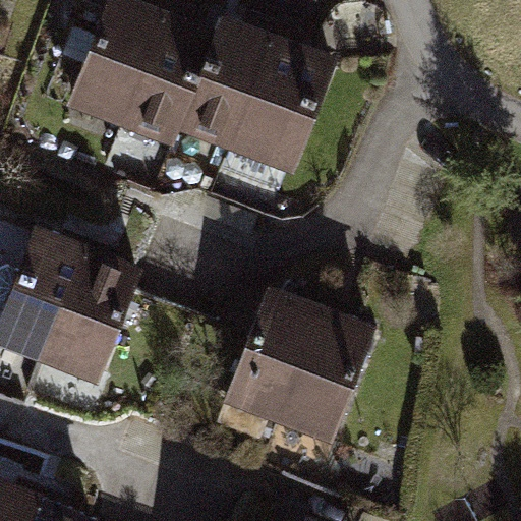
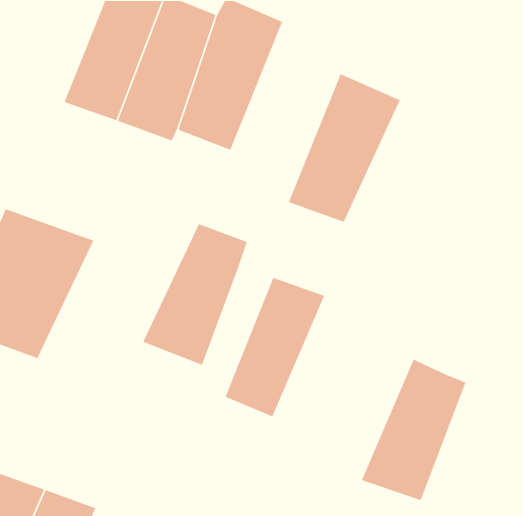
building: [229,30,341,178] -> [288,73,401,223]
building: [38,246,142,388] -> [142,223,248,366]
building: [271,301,375,443] -> [361,358,466,501]

